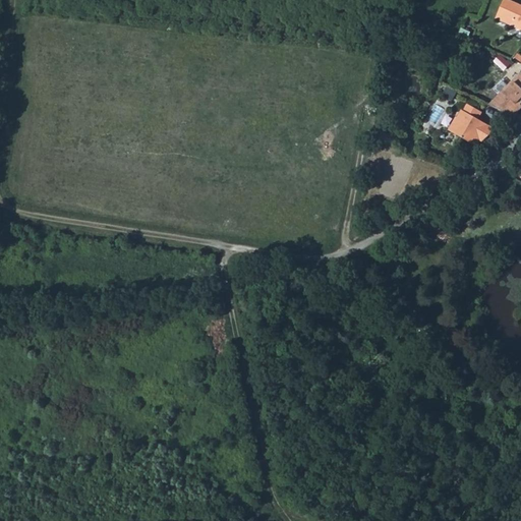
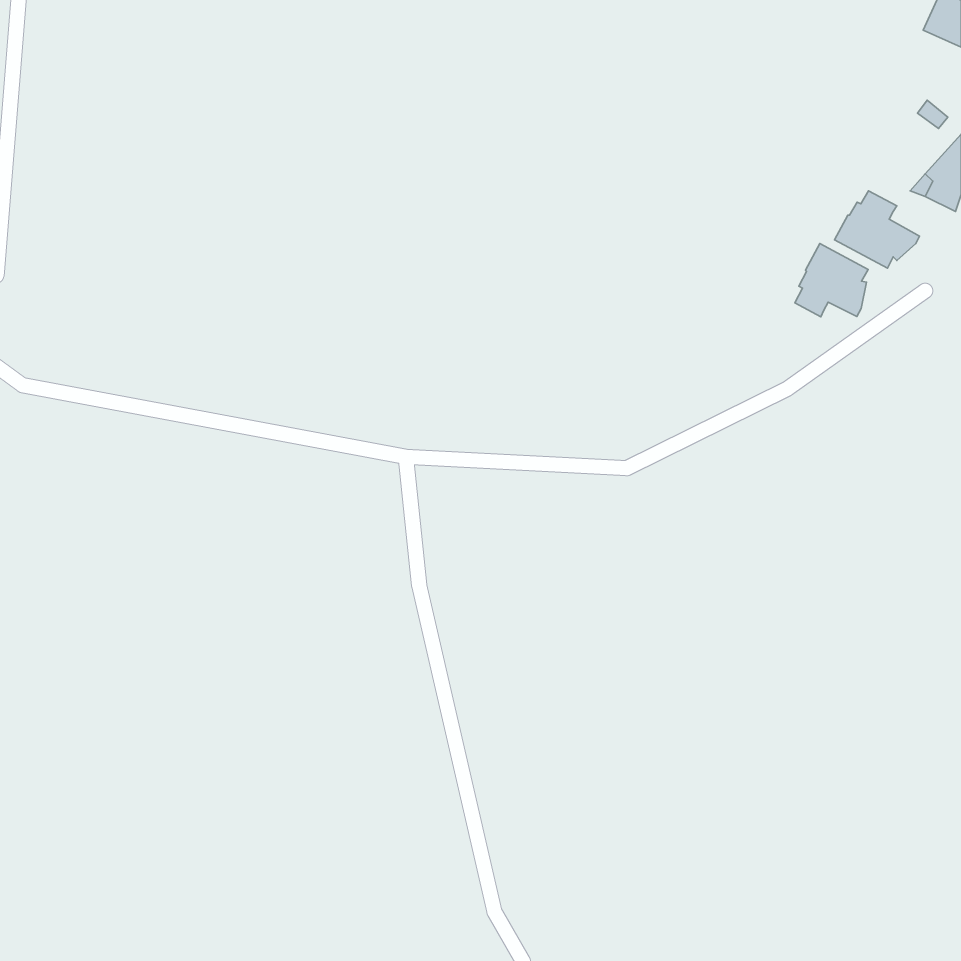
building: none -> [795,243,868,317]

